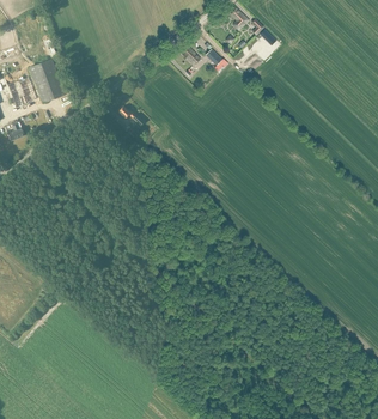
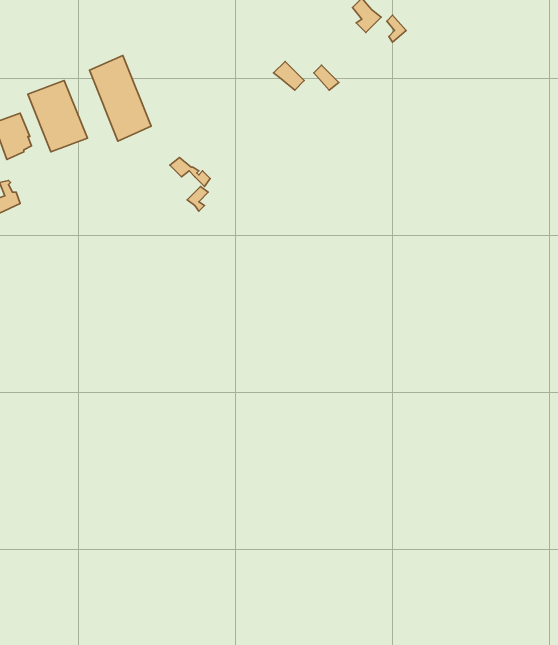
building: none -> [89,55,151,141]

